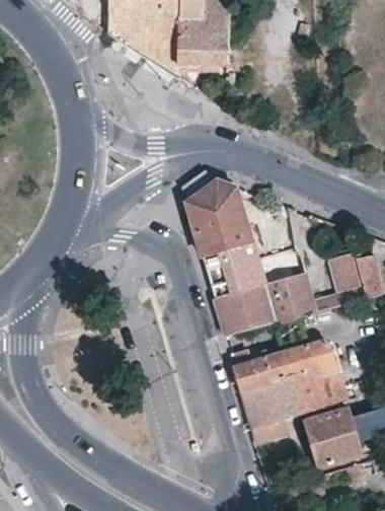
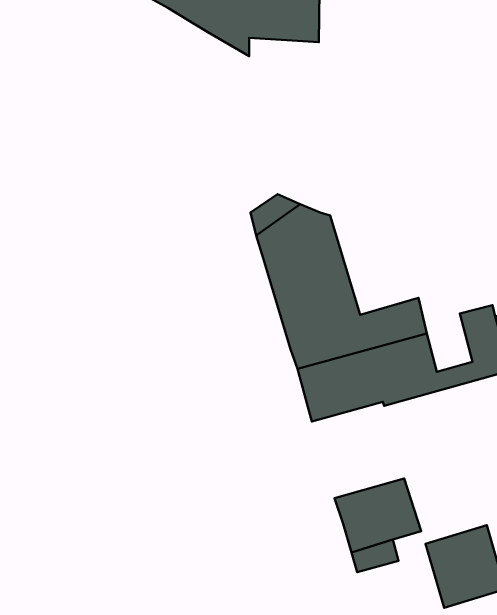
building: [230,342,345,413] -> none

